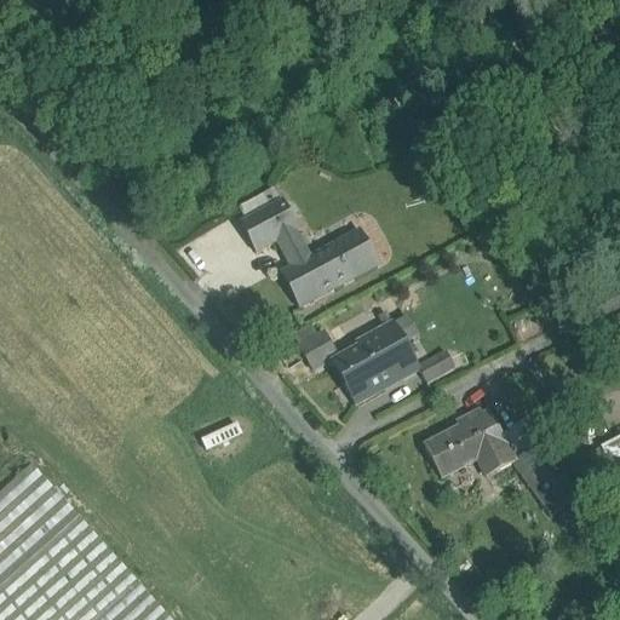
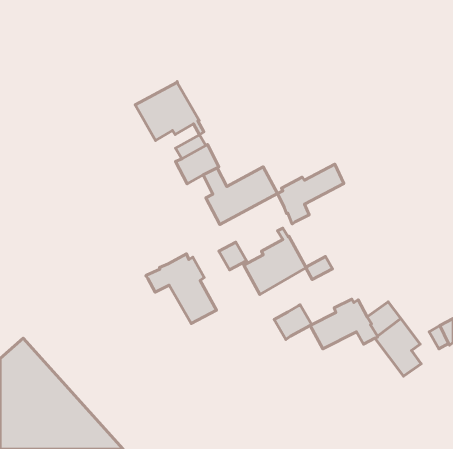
building: none -> [135,82,204,140]
building: none -> [277,164,344,224]
building: none -> [146,254,216,324]
building: none -> [274,305,312,339]

